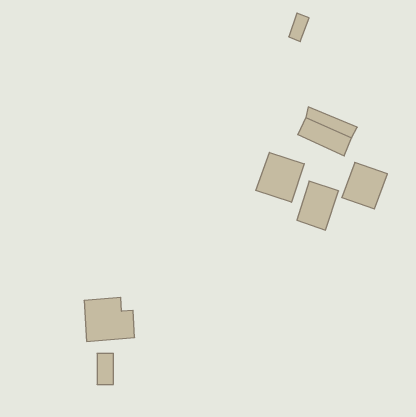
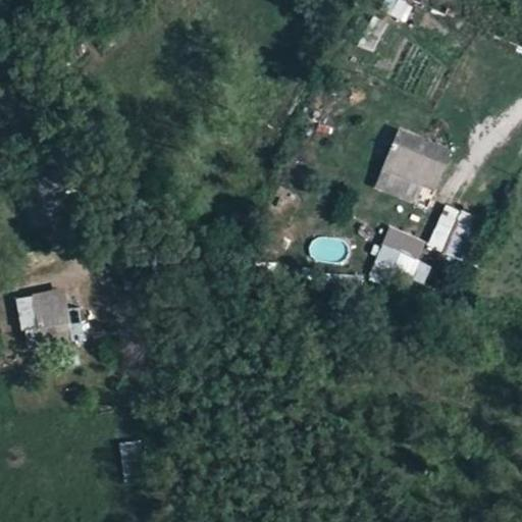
building: [256,152,304,202] -> none
building: [84,297,135,341] -> [19,291,83,346]

